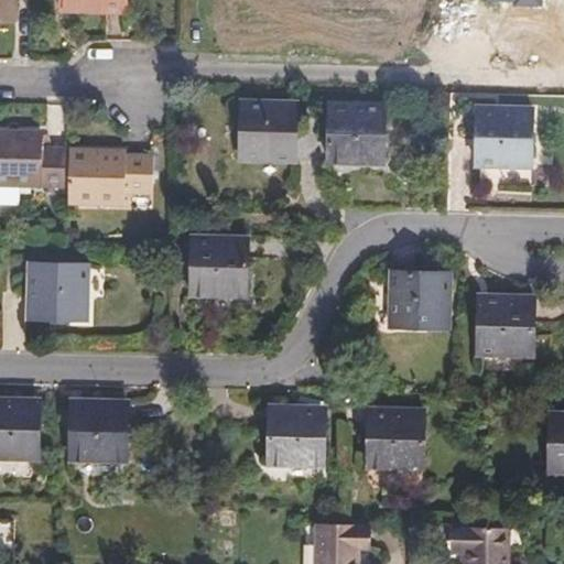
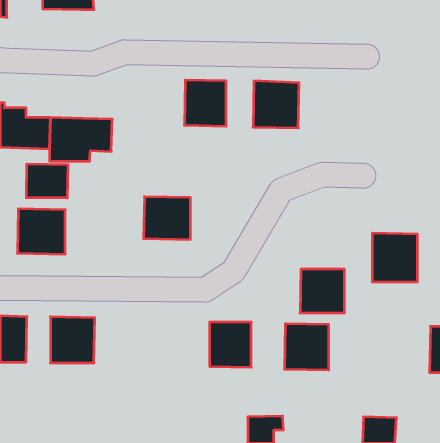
building: [474,111,532,169] -> none
building: none -> [26,164,68,198]
building: [392,273,448,328] -> [300,269,344,313]

